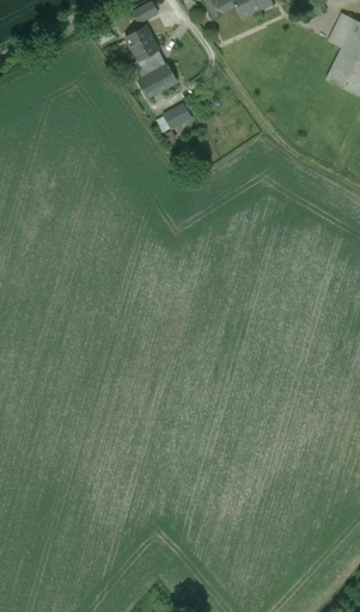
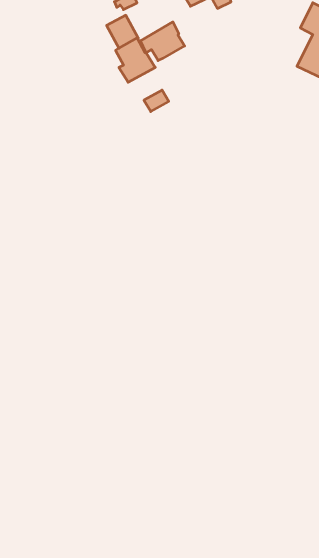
building: none -> [140,22,185,61]

